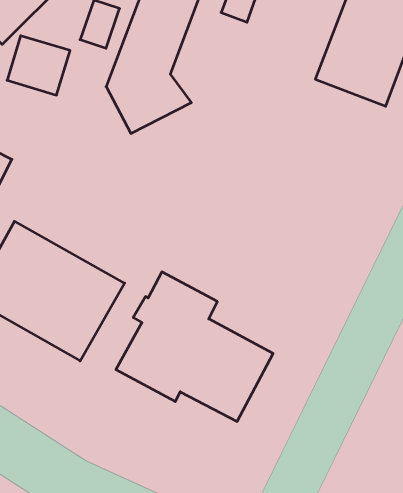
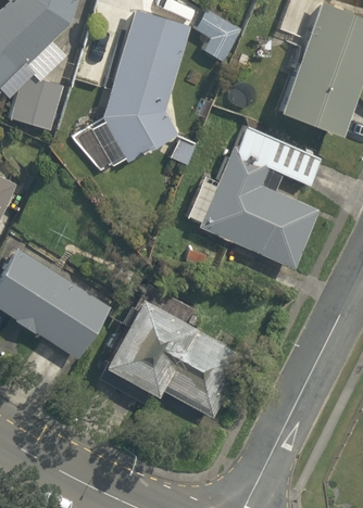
building: none -> [199,126,322,269]

